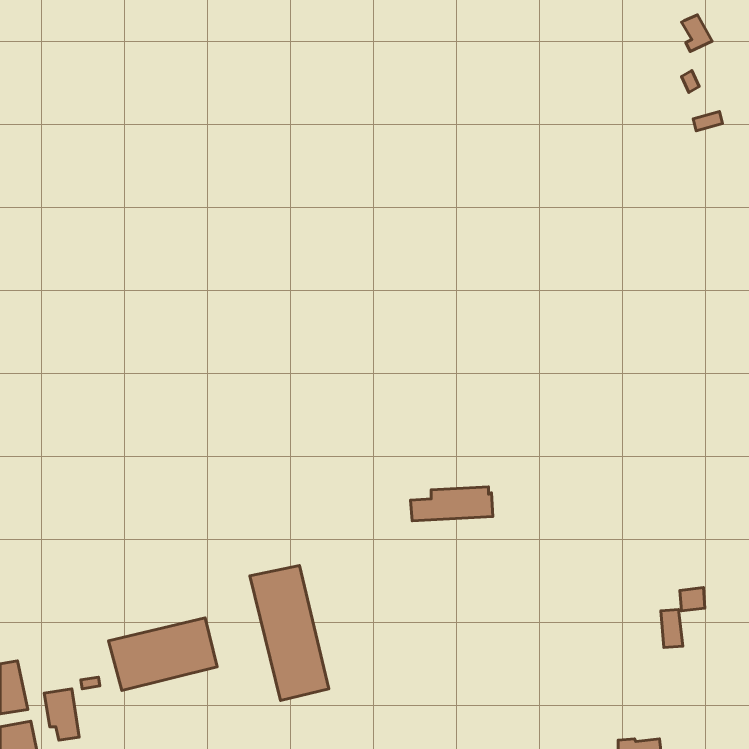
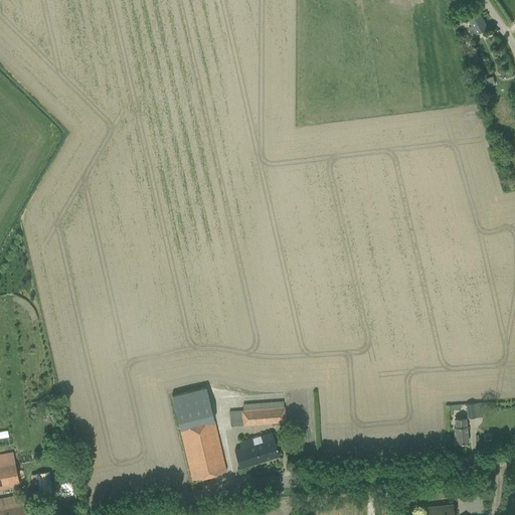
building: [411,487,493,521] -> [229,402,286,425]
building: [108,618,217,690] -> none
building: none -> [234,433,280,469]

